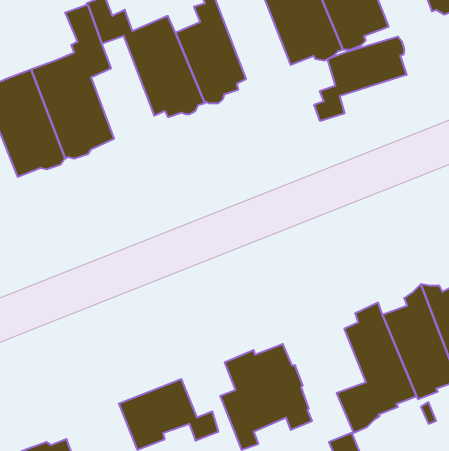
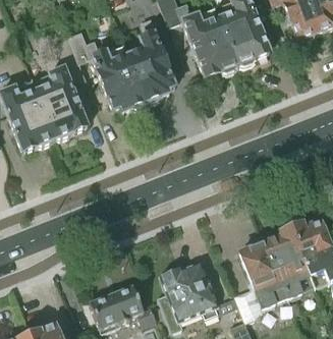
building: [314,36,407,121] -> none

